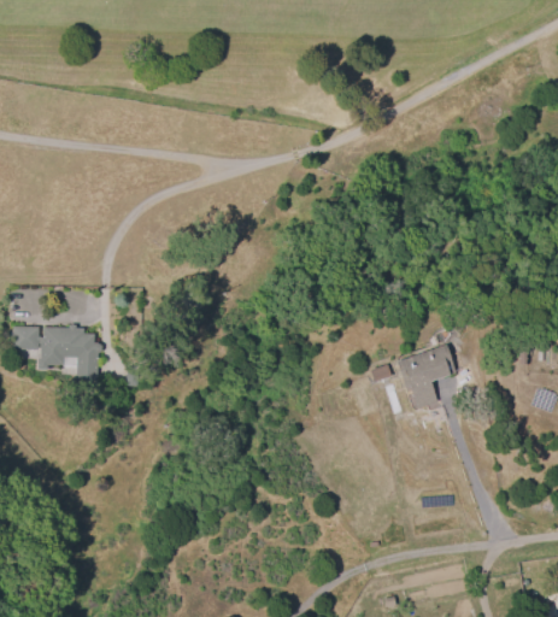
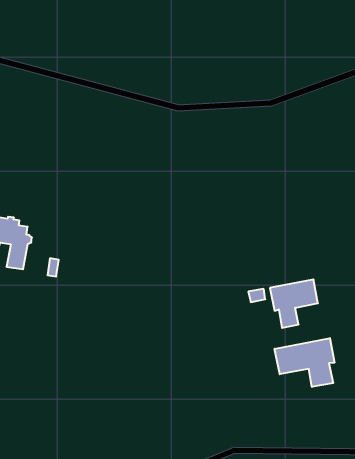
building: none -> [275,338,334,387]

